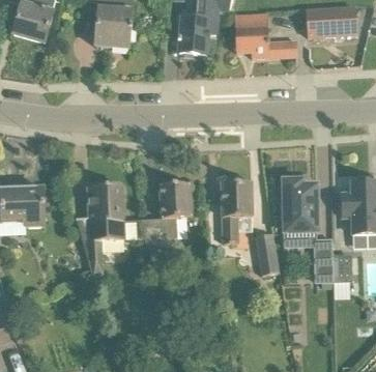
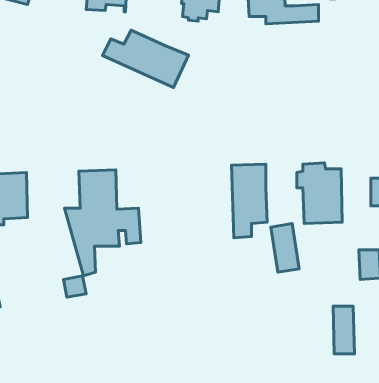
building: none -> [103,30,188,88]
building: [140,181,191,261] -> none
building: [314,238,332,280] -> [333,306,354,354]

